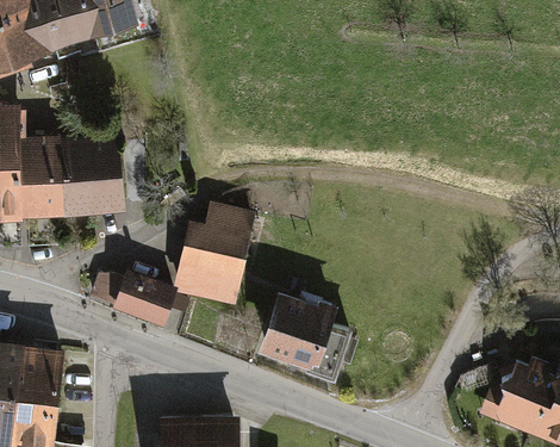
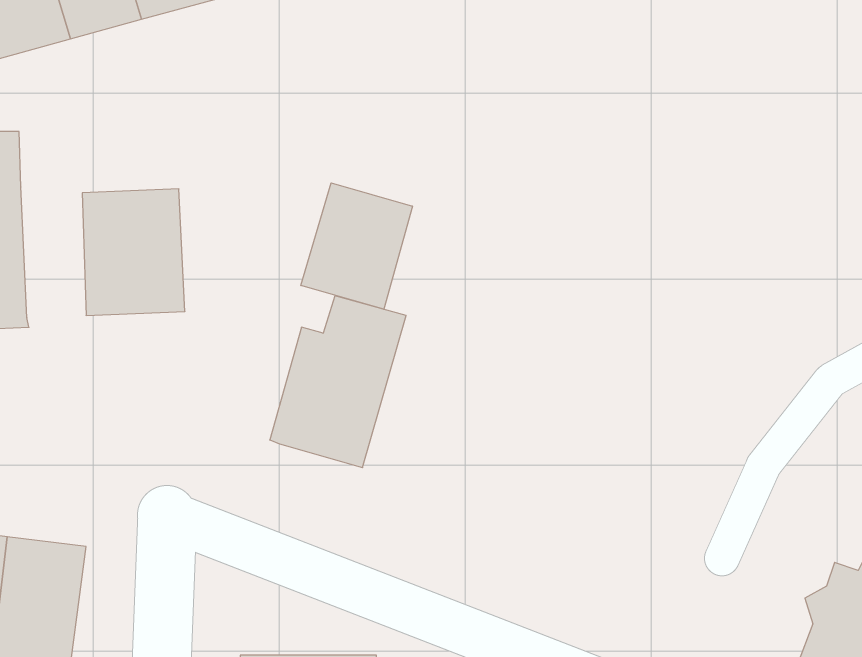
building: none -> [301,183,412,309]
building: [25,134,64,213] -> none
building: [94,274,181,327] -> none
building: [255,293,357,381] -> none

